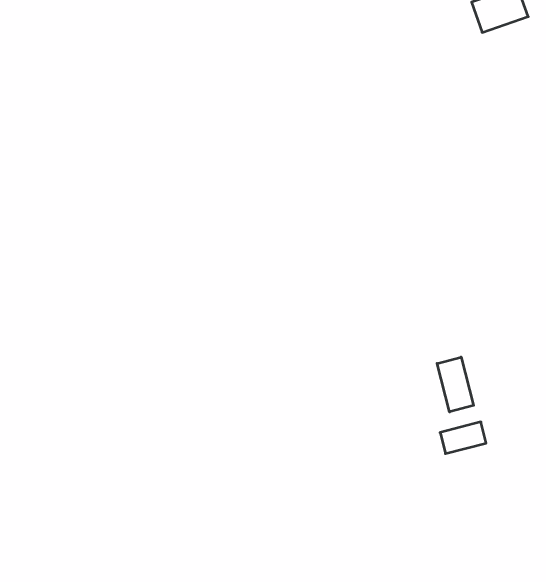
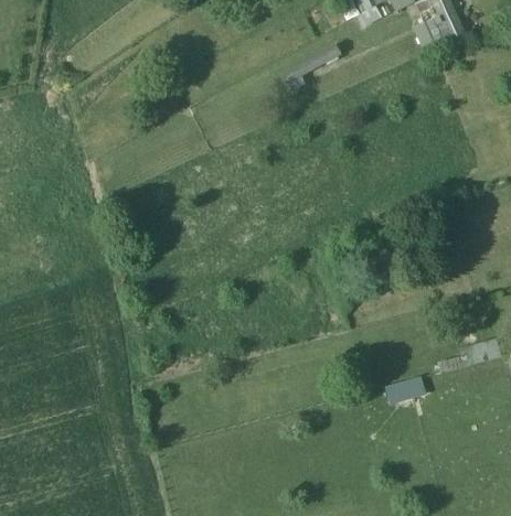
building: [437,357,474,412] -> none

